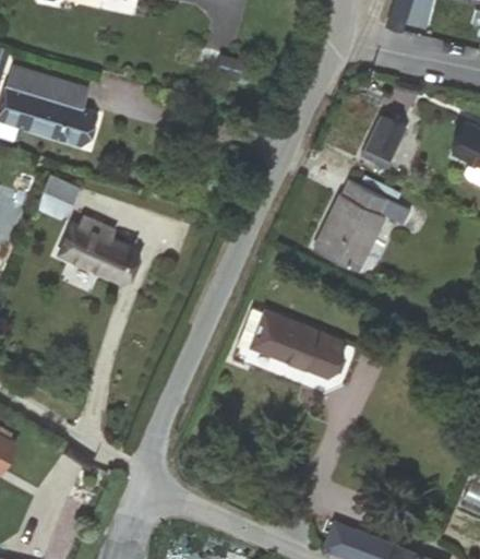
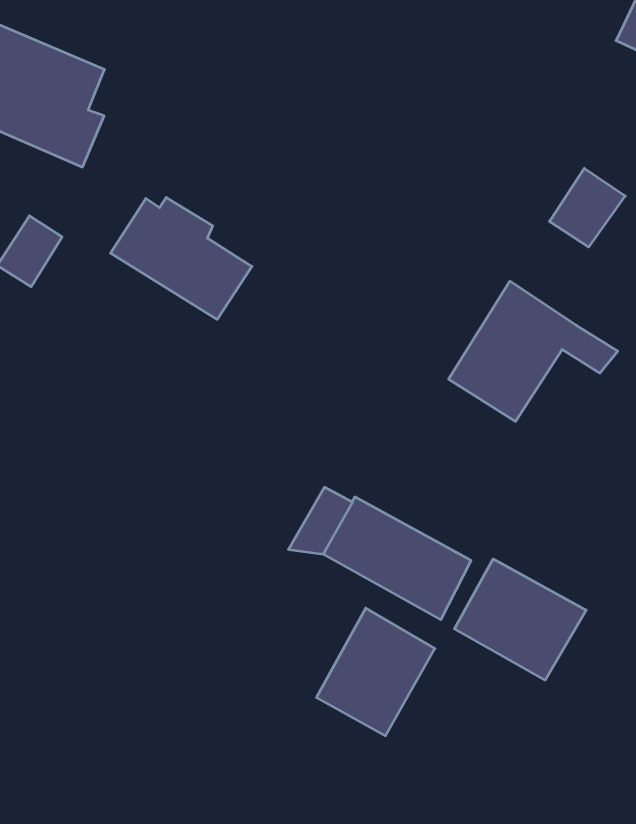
building: [59,218,143,286] -> [111,197,252,319]
building: none -> [454,559,586,680]
building: none -> [317,608,435,736]

